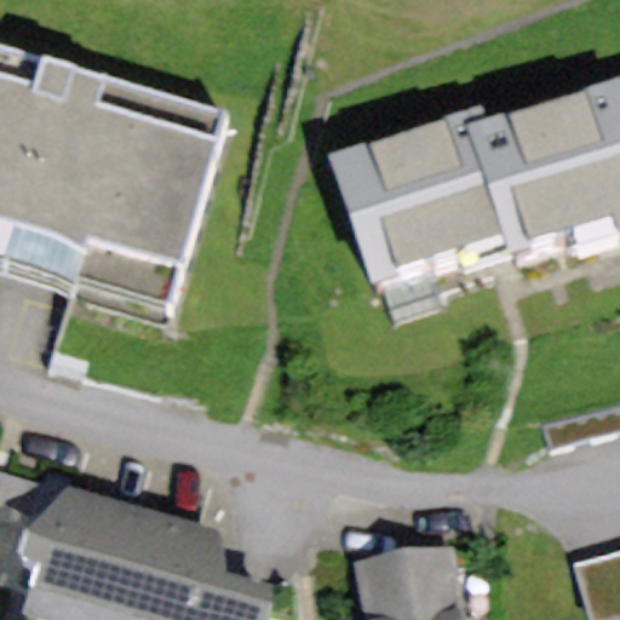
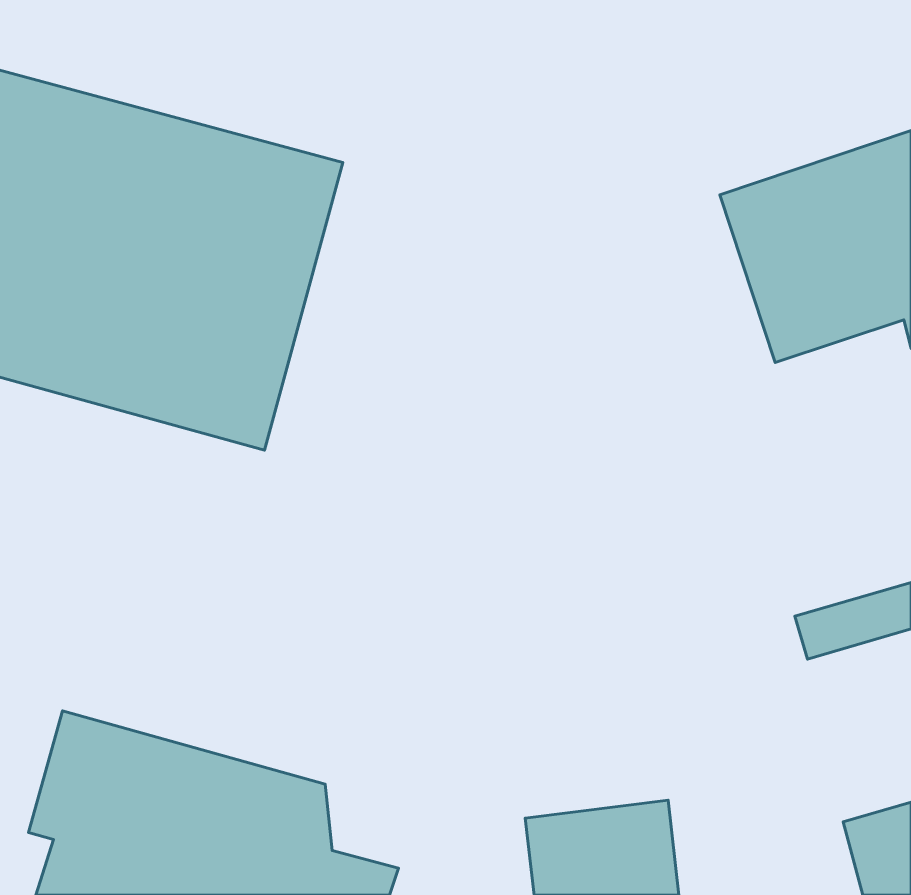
building: [328,110,526,295] -> none

